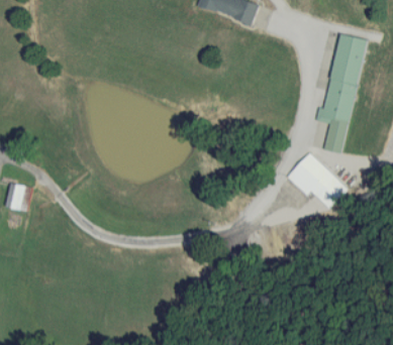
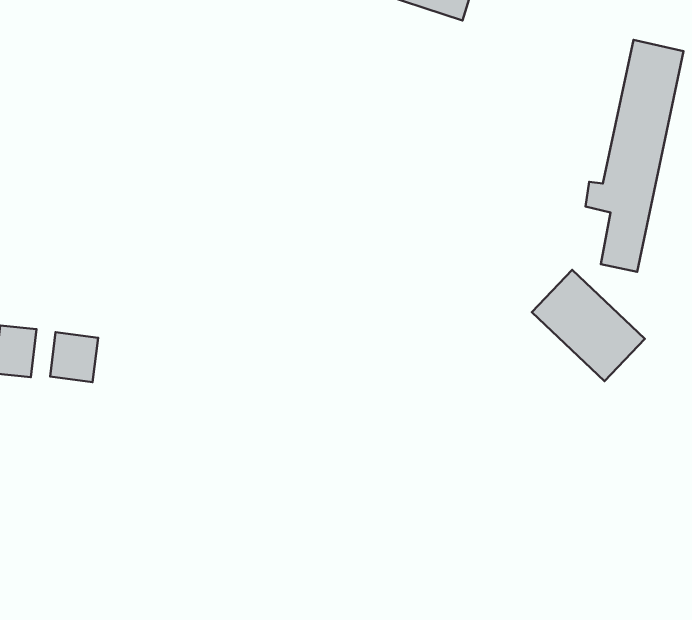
building: none -> [50,332,98,382]

